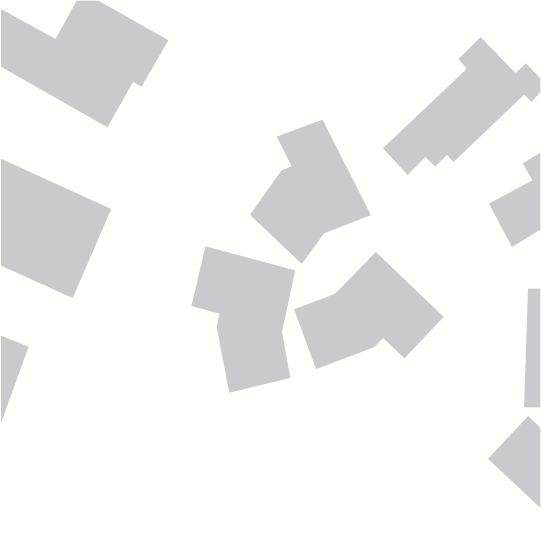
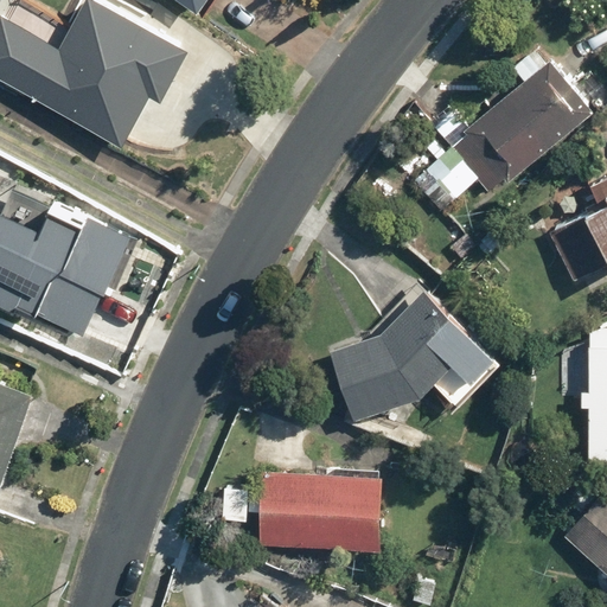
building: [249,119,372,265] -> none
building: [191,246,296,393] -> none
building: none -> [221,471,382,550]

